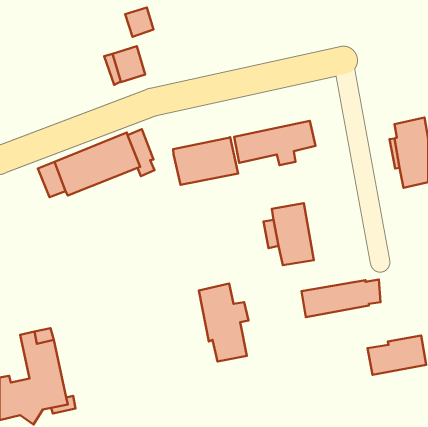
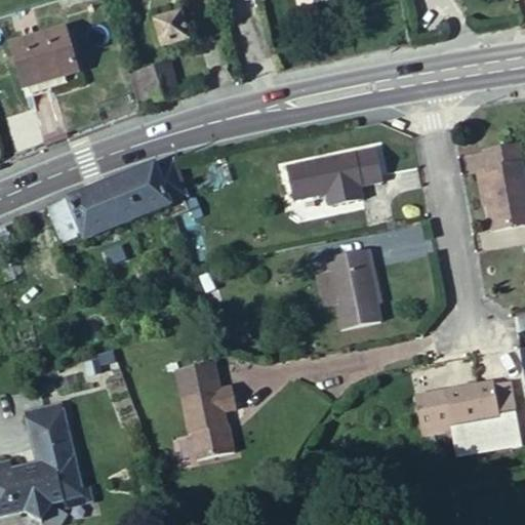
building: none -> [7,29,75,86]
building: [173,137,238,185] -> none
building: [302,279,380,317] -> [416,379,513,426]
building: [199,284,248,362] -> [176,361,237,456]

